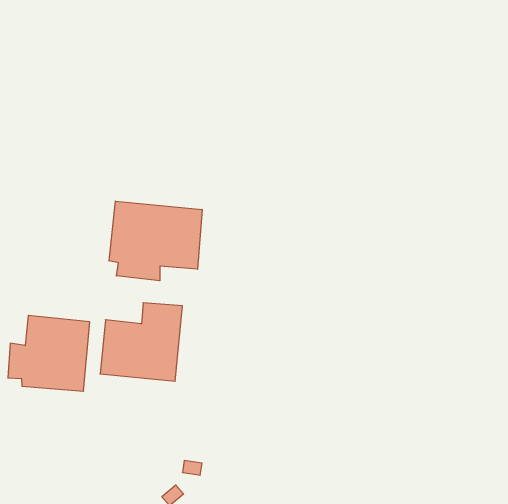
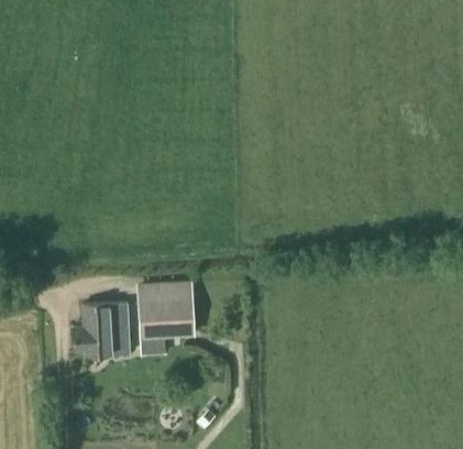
building: [109,201,202,281] -> none

